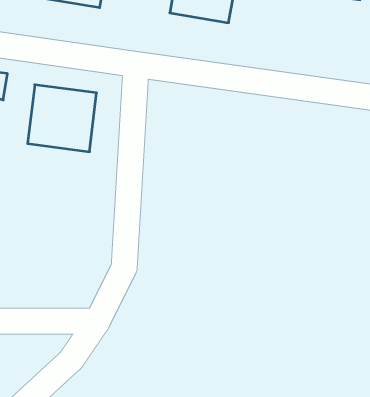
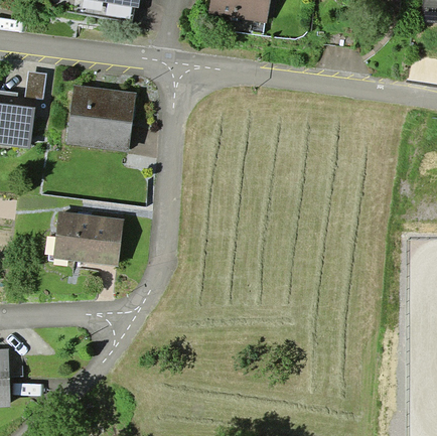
building: none -> [52,211,124,266]

